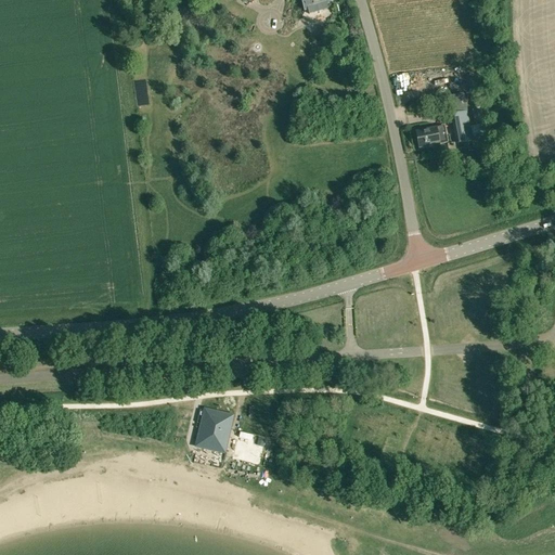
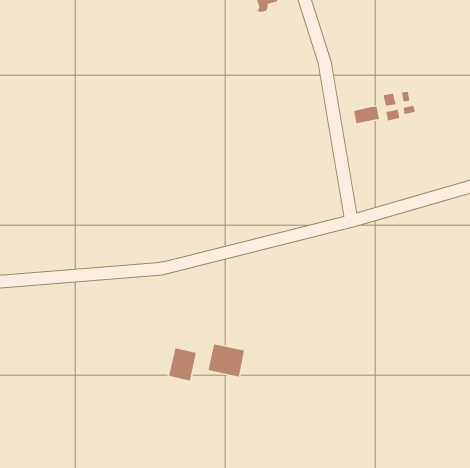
building: none -> [207,344,245,378]

